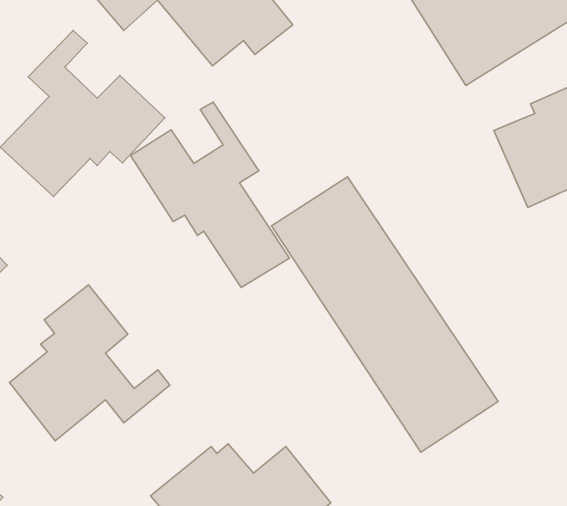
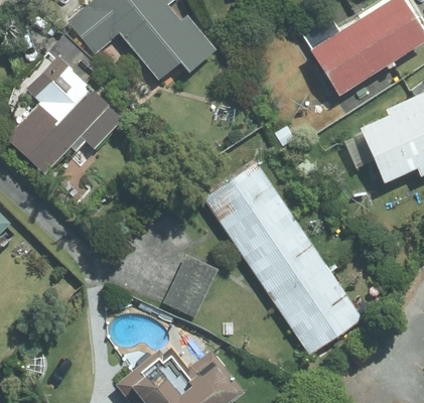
building: [130,102,289,287] -> none
building: [10,285,170,441] -> none
building: none -> [163,254,219,318]

